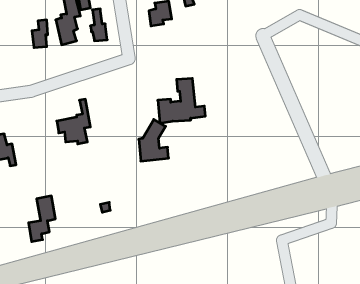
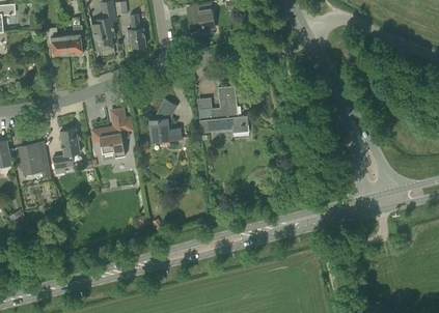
building: none -> [48,27,68,56]
building: [139,119,169,161] -> [149,98,181,142]
building: [29,196,55,242] -> [52,129,80,176]

